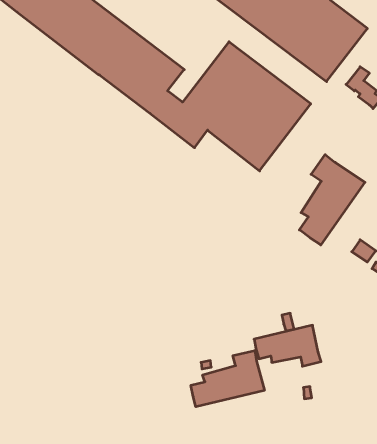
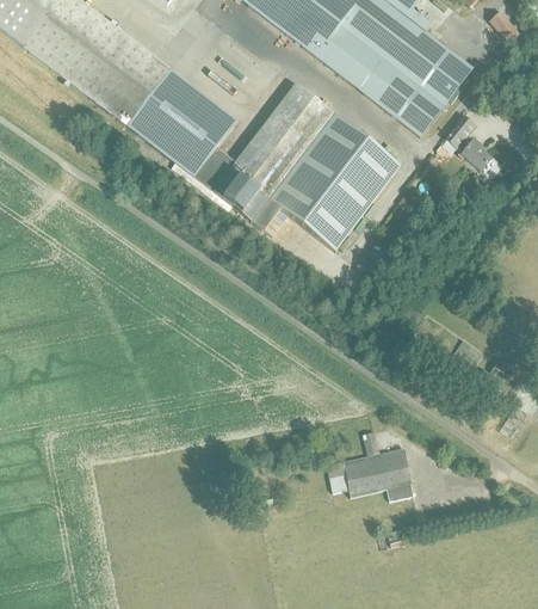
building: [299,155,365,245] -> none
building: [191,351,264,407] -> none

